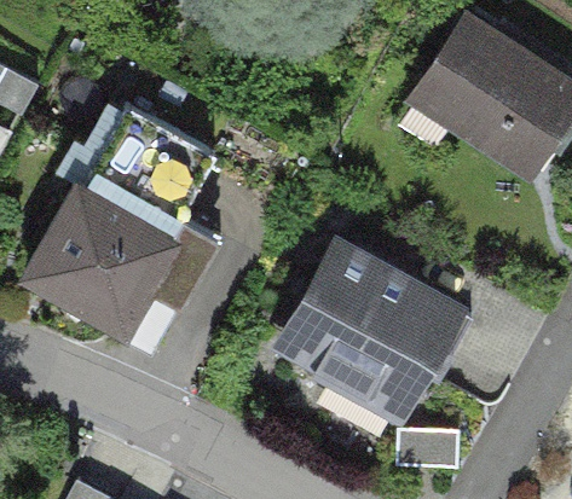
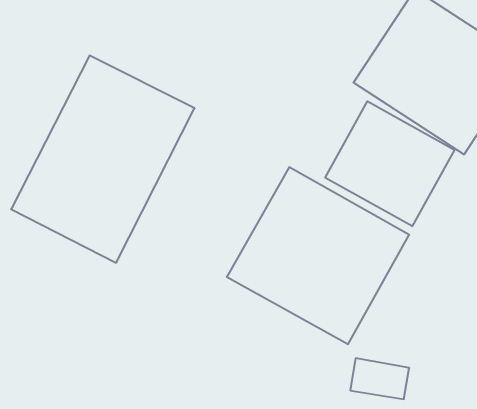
building: none -> [325,101,455,226]

